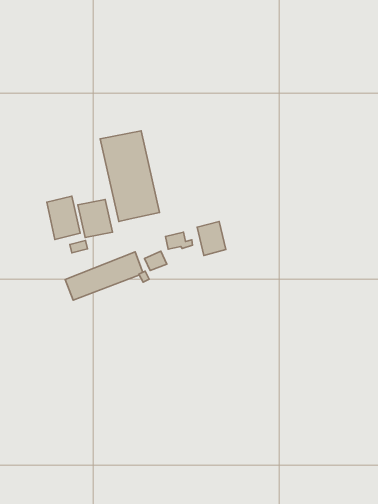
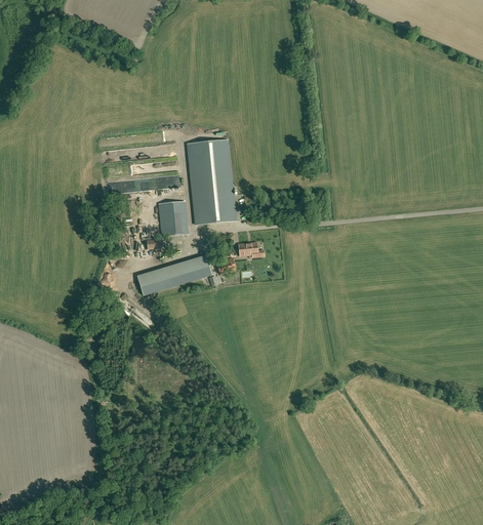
building: [47,196,80,239] -> none
building: [197,221,226,255] -> none

